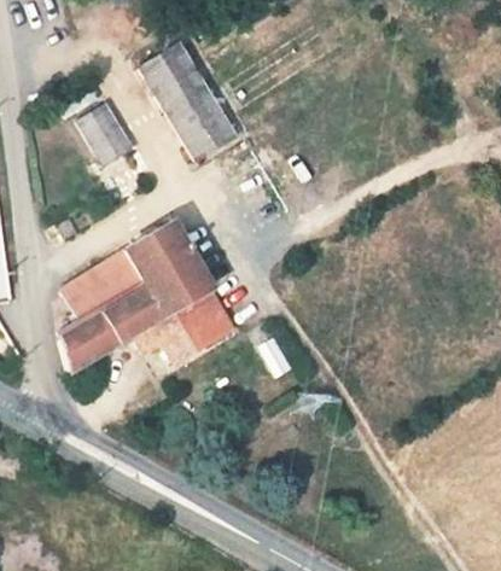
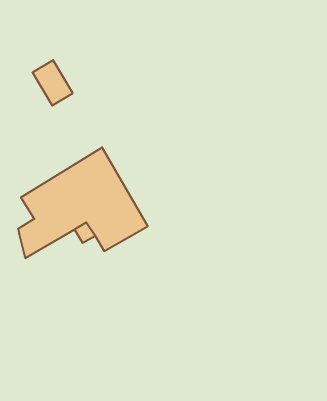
building: [140,42,235,159] -> none

